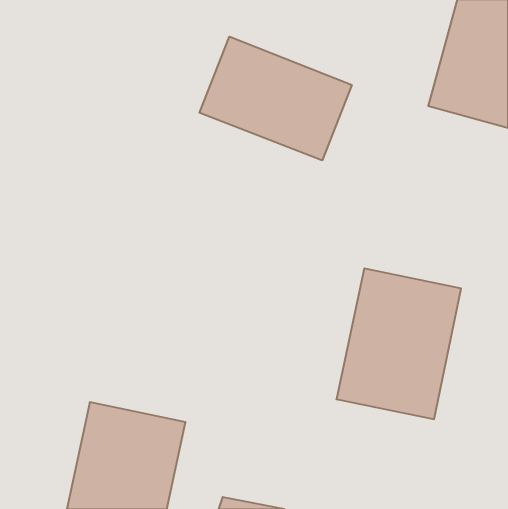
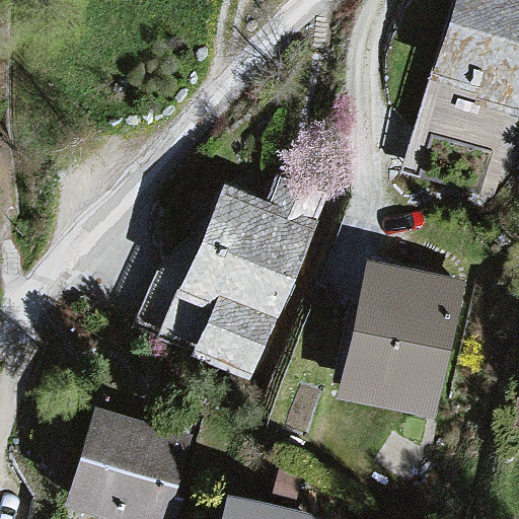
building: [199,37,352,160] -> none
building: none -> [152,179,308,367]

